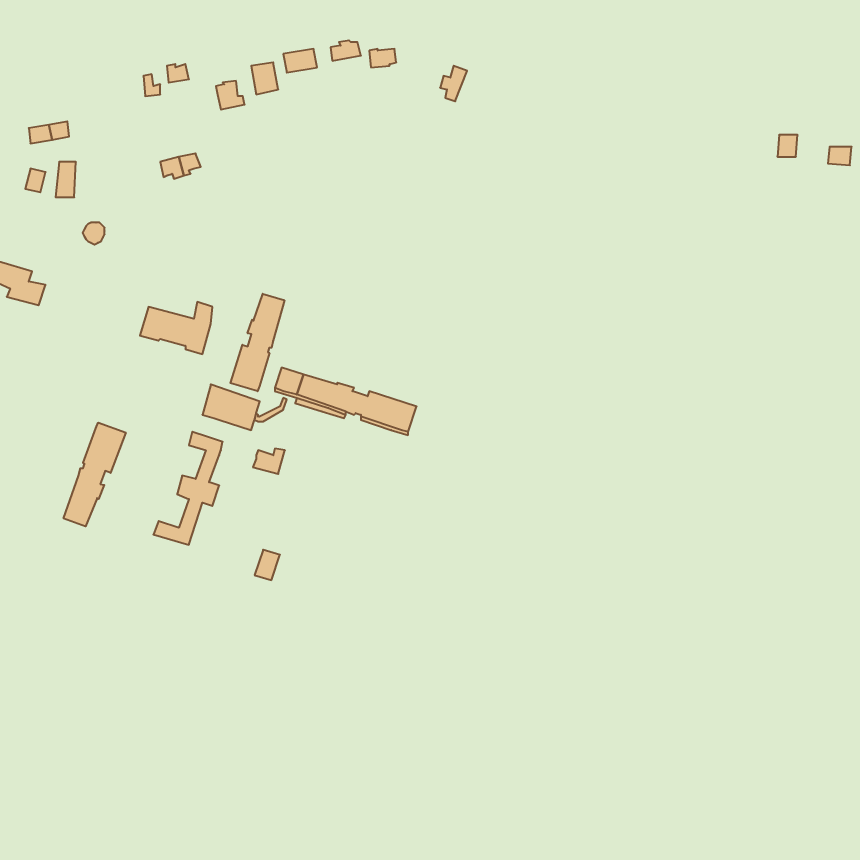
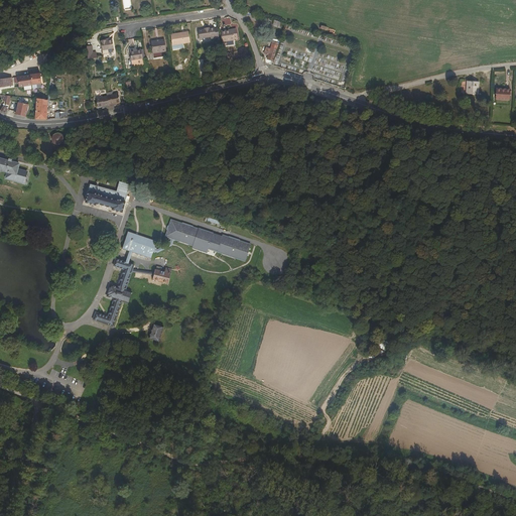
building: [230,294,284,391] -> none
building: [64,423,126,526] -> none

